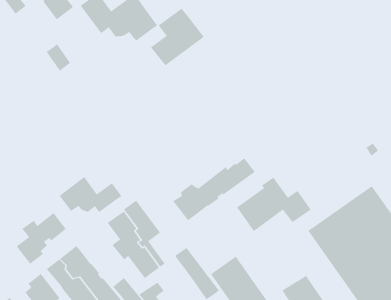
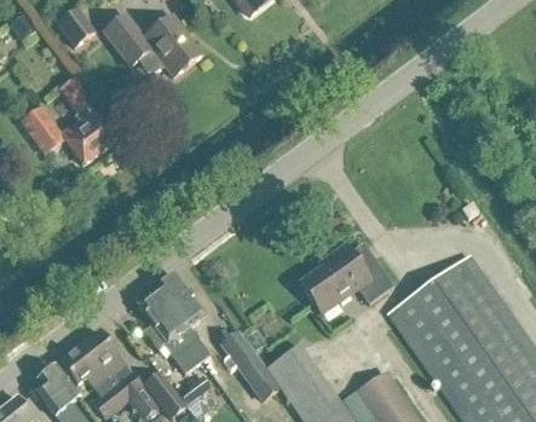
building: [150,8,205,66] -> none
building: none -> [18,106,114,163]
building: [172,157,255,221] -> none
building: [59,176,122,213] -> none
building: [16,212,67,265] -> none

